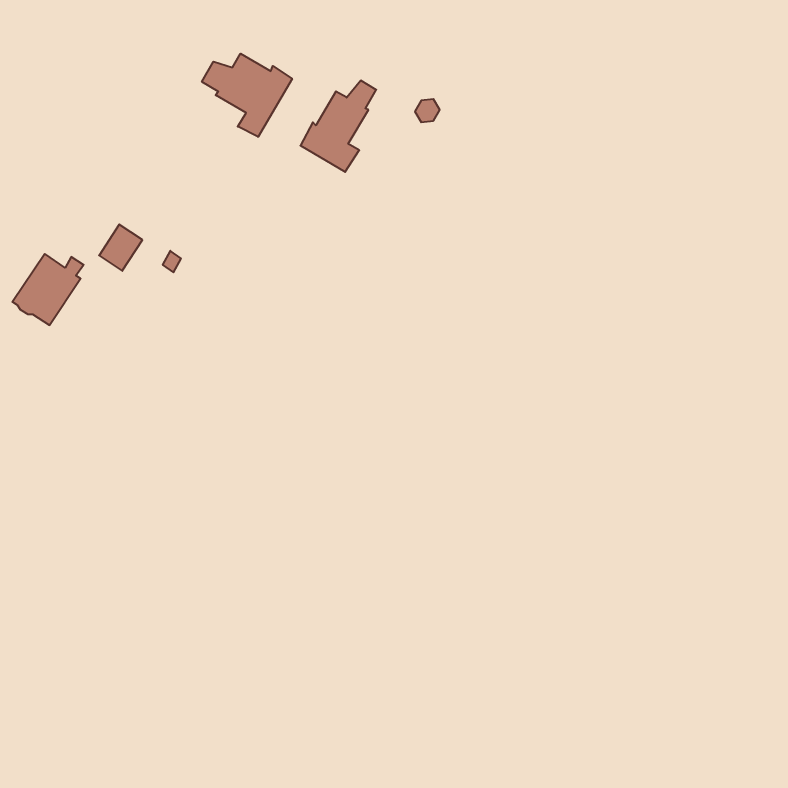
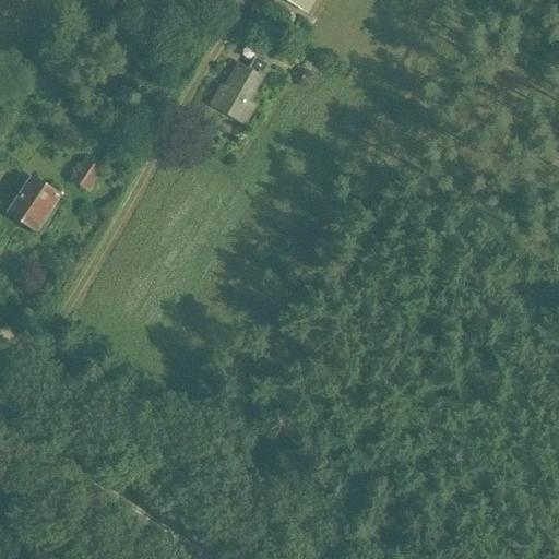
building: [202,54,292,137] -> none

